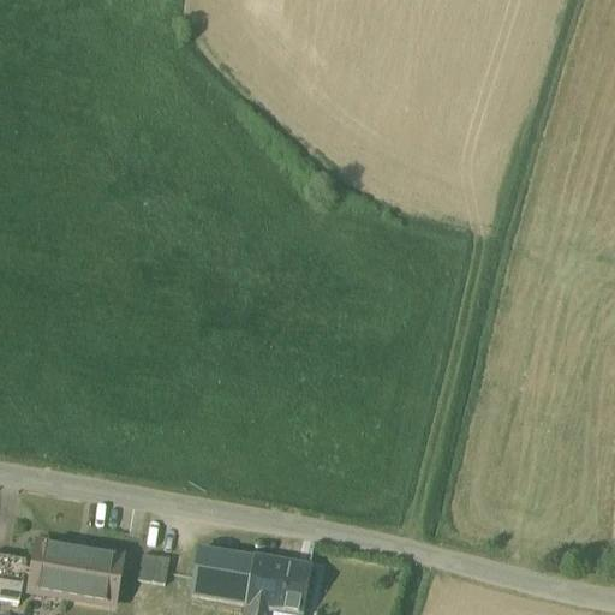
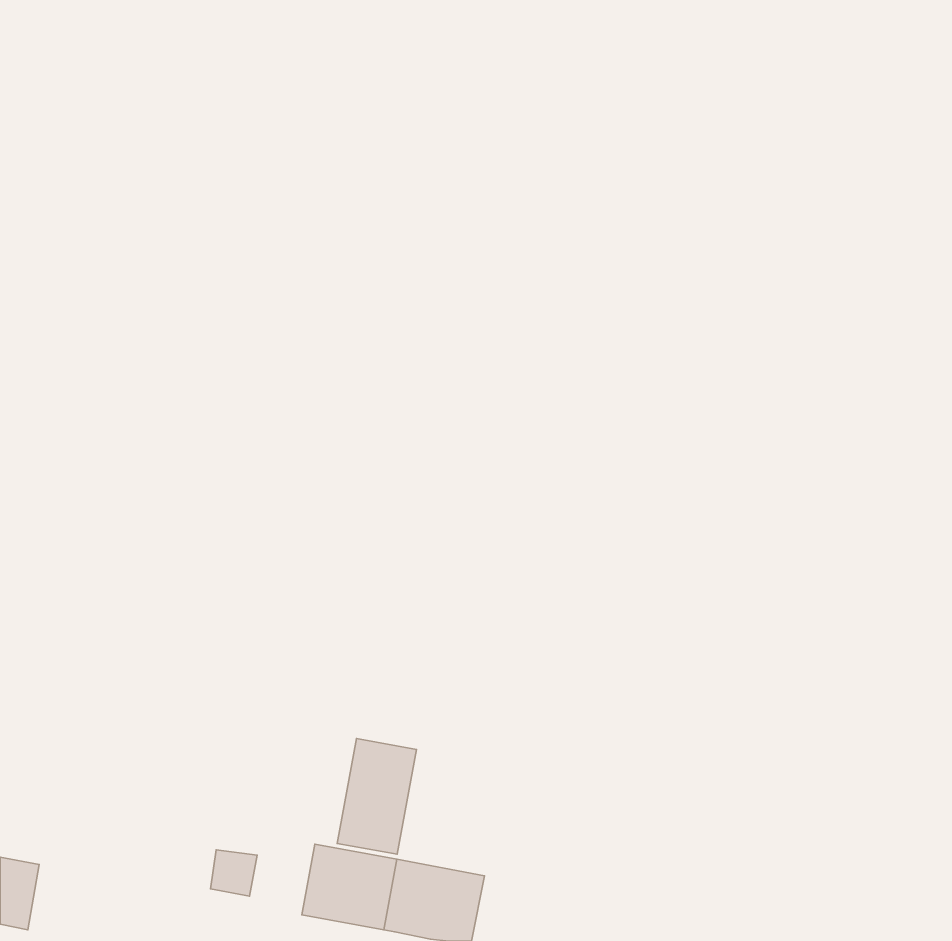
building: none -> [337,739,416,854]
building: [30,541,120,602] -> none

